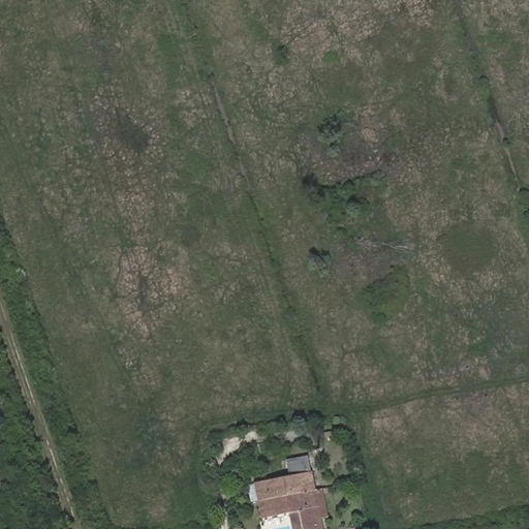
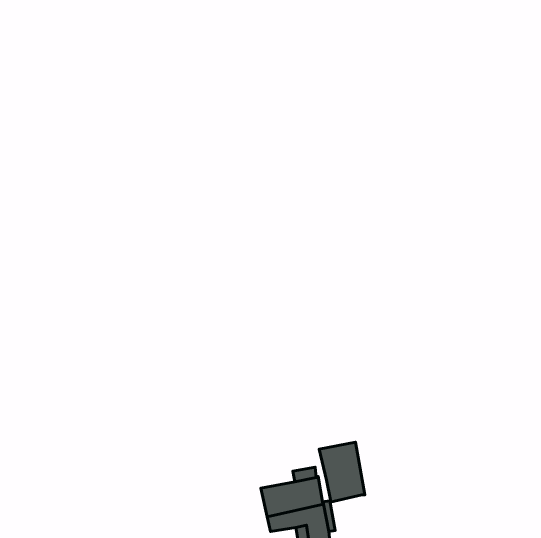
building: none -> [319,442,365,502]

